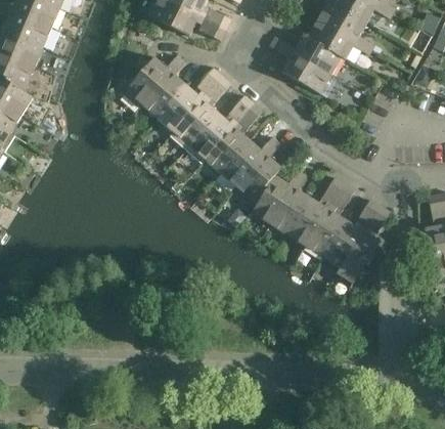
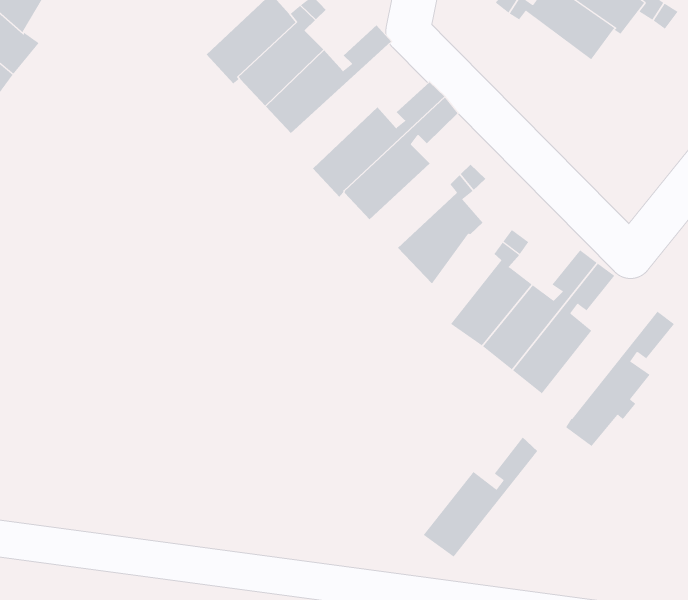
building: [282,52,331,93] -> none
building: [171,76,232,148] -> none
building: [221,139,266,186] -> none
building: [252,175,294,224] -> none
building: [323,199,381,268] -> [423,436,538,559]

